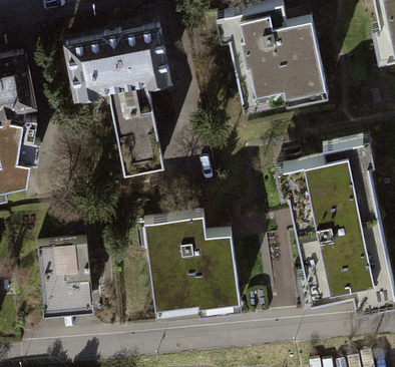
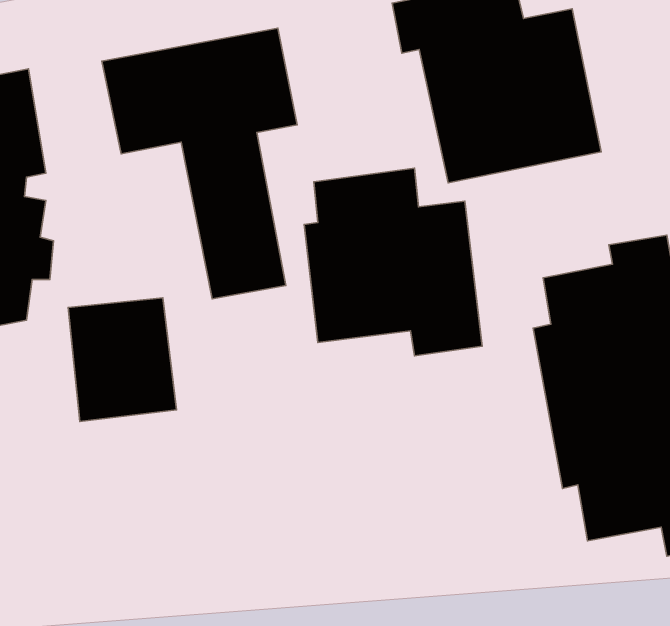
building: [144,217,237,314] -> [304,168,482,356]
building: [36,241,92,305] -> [68,298,176,422]

